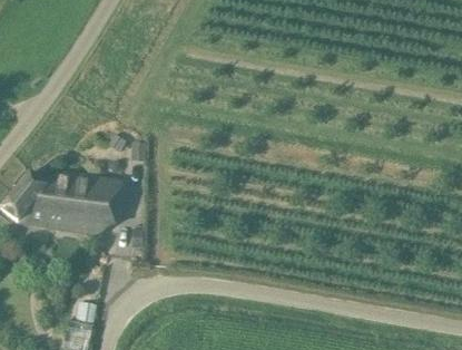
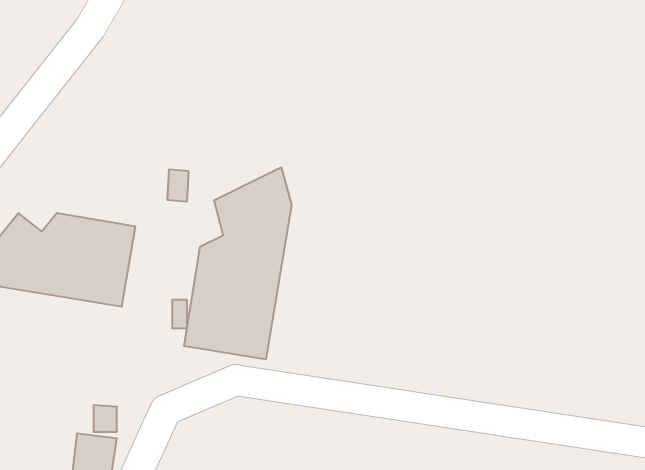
building: none -> [184,167,291,359]

